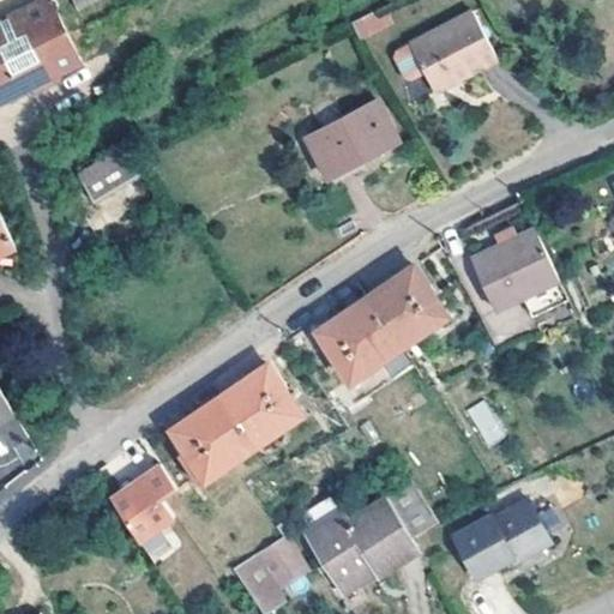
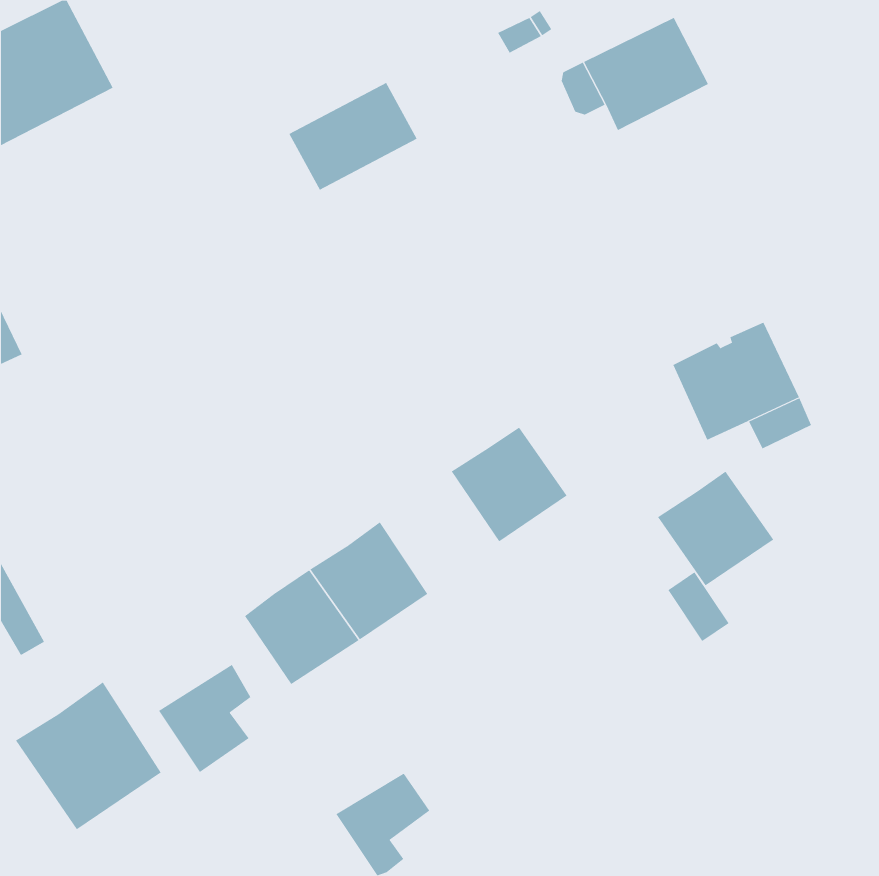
building: [308,101,398,176] -> [288,82,417,191]
building: [78,145,145,201] -> none
building: [362,267,444,348] -> [657,471,774,586]
building: none -> [15,682,162,830]
building: [302,478,433,586] -> none
building: [452,502,550,579] -> none

